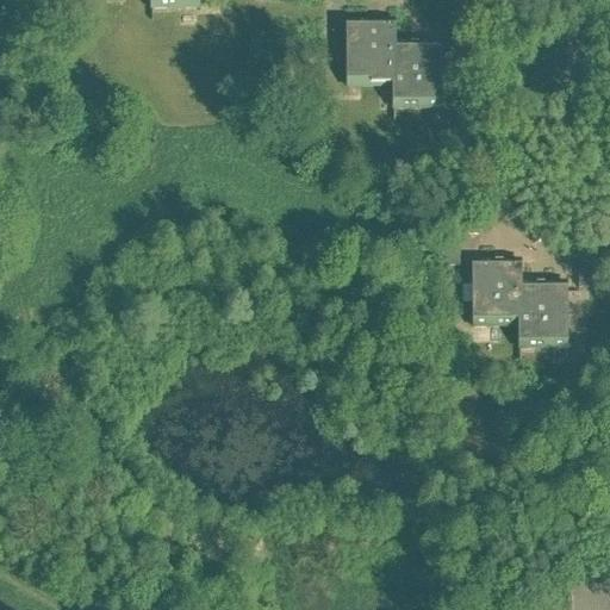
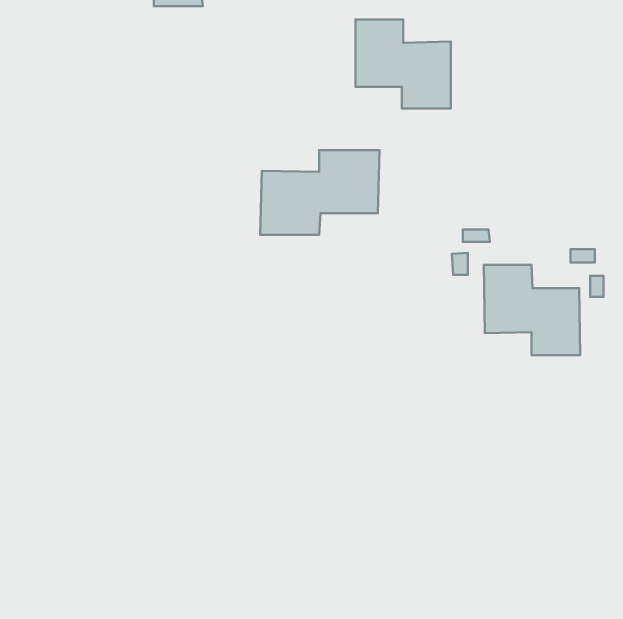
building: none -> [260,150,379,235]

